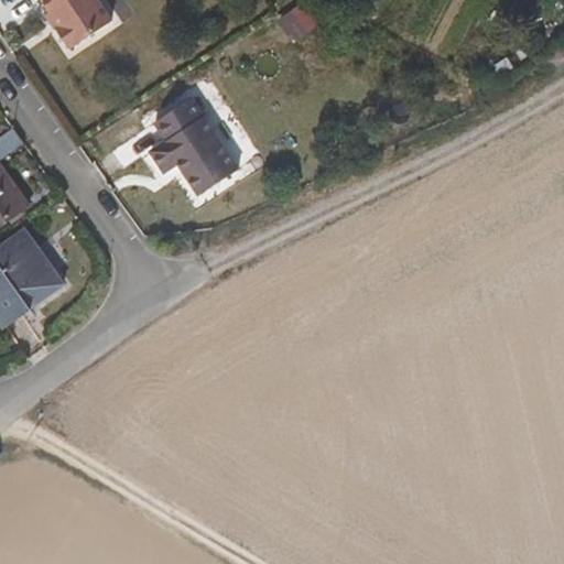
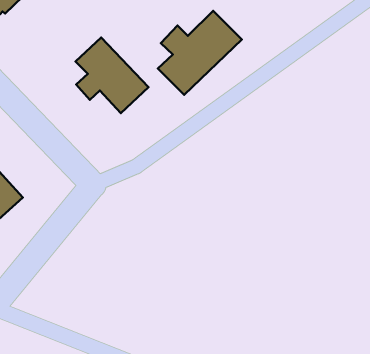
building: none -> [158,11,242,95]

